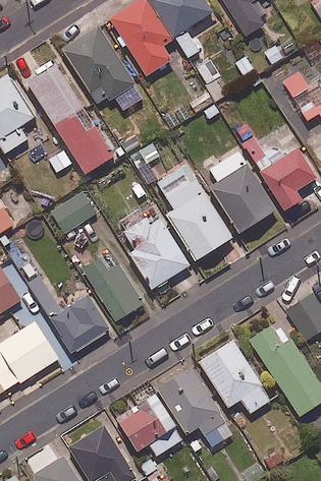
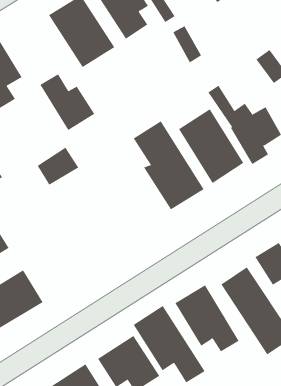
building: [25,62,83,124] -> none
building: [123,212,190,288] -> none
building: [83,250,144,321] -> none
building: [29,275,110,353] -> none

